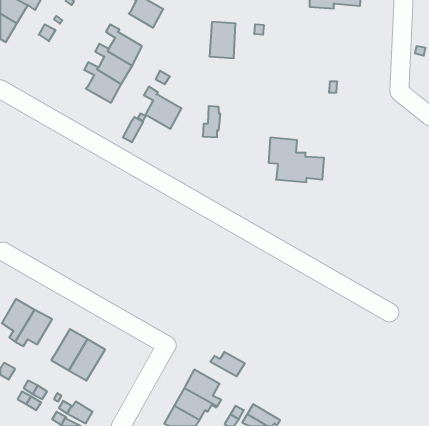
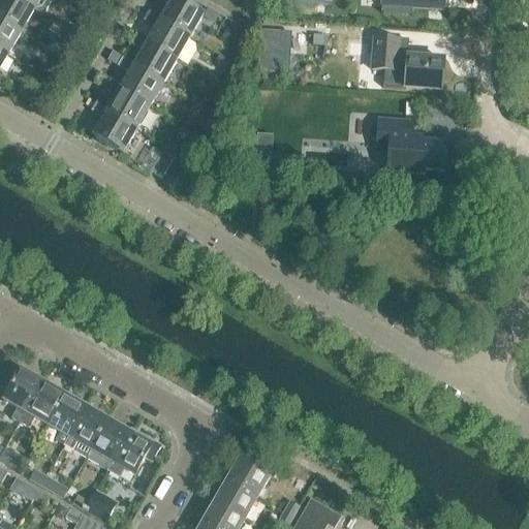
building: none -> [144,7,189,57]
building: none -> [371,37,443,89]
building: [144,87,182,129] -> [91,99,137,151]
building: [269,138,324,182] -> [378,117,446,172]
building: none -> [46,392,87,442]
building: none -> [107,429,162,473]
building: [210,352,245,376] -> none

